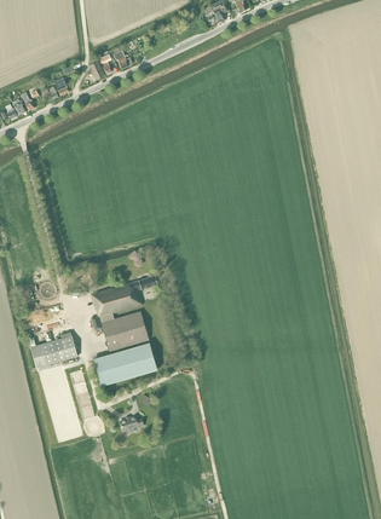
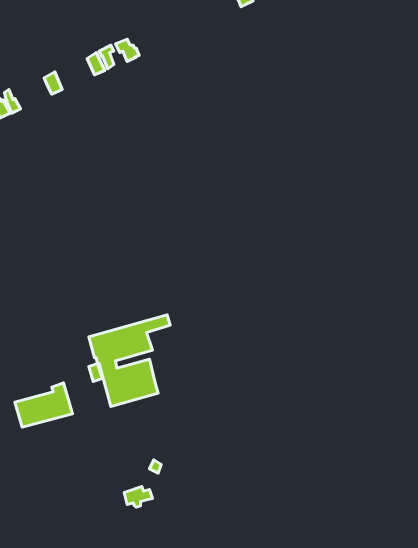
building: [93,342,157,386] -> none

